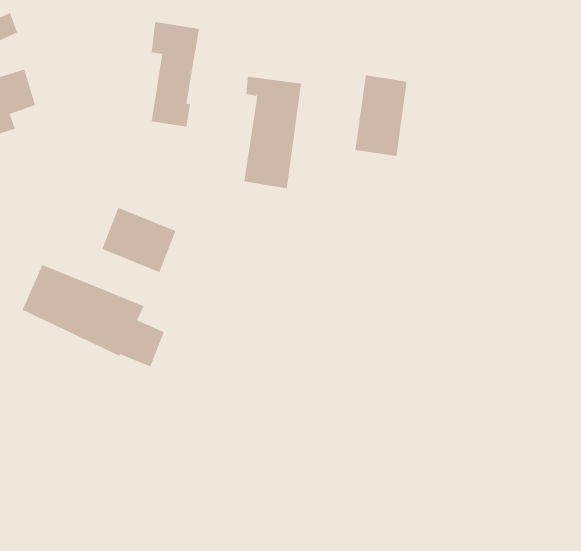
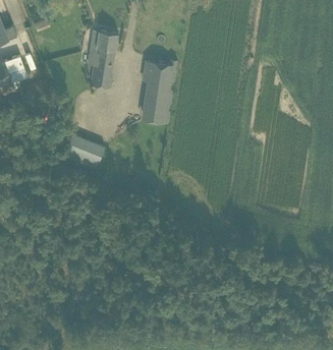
building: [355,75,407,157] -> none
building: [22,264,164,367] -> none

